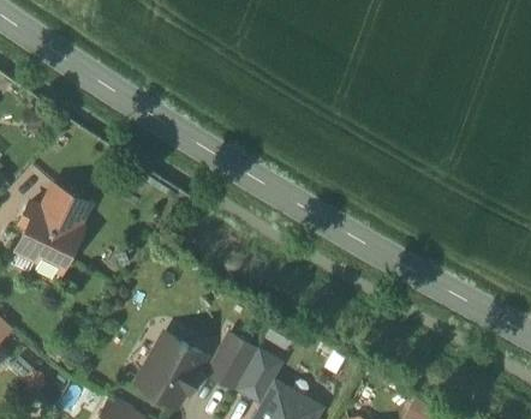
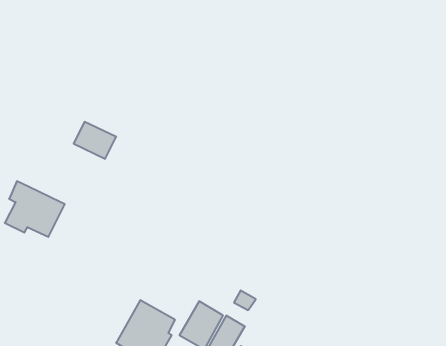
building: [42,185,89,226] -> [74,122,116,159]

